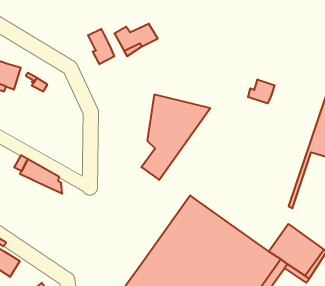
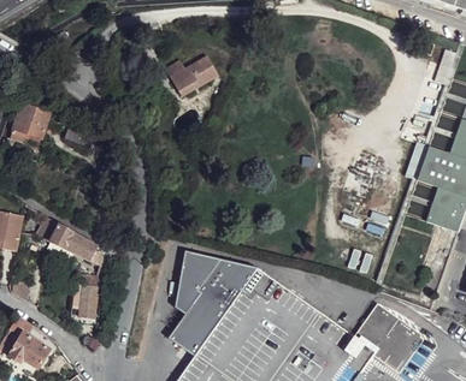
building: [88,29,114,64] -> none
building: [248,79,275,103] -> none
building: [141,95,210,180] -> [173,250,258,355]
building: none -> [77,281,99,314]

